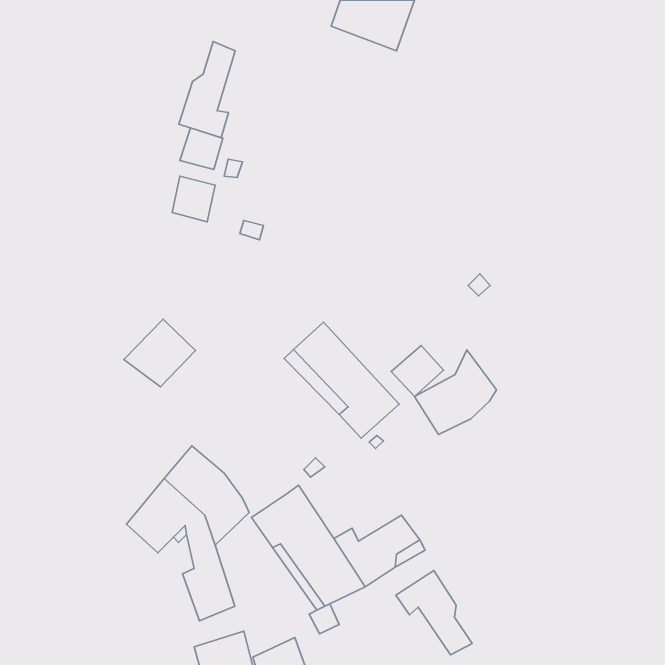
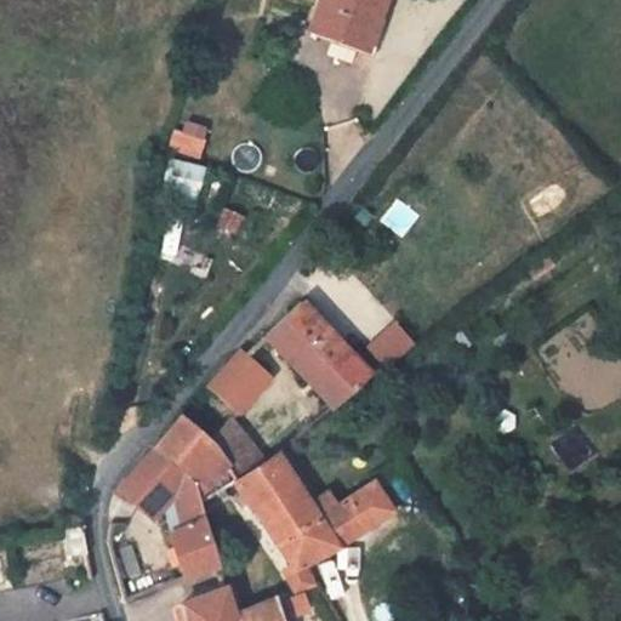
building: [179,41,235,138] -> none
building: [124,319,196,387] -> [207,349,274,412]
building: [415,350,497,435] -> none
building: none -> [210,420,269,483]
building: [396,571,472,655] -> none

